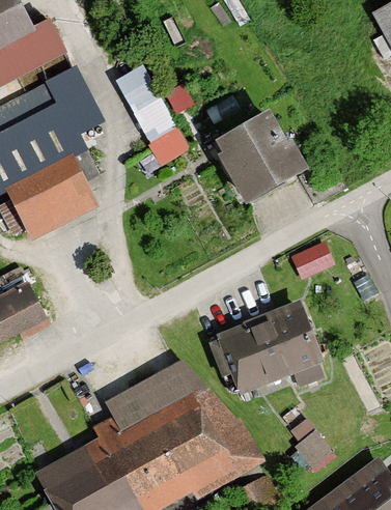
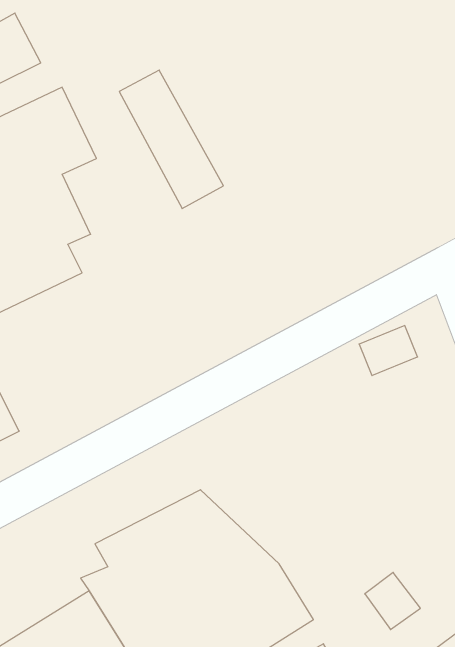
building: [204,109,297,202] -> none
building: [216,305,328,394] -> none

